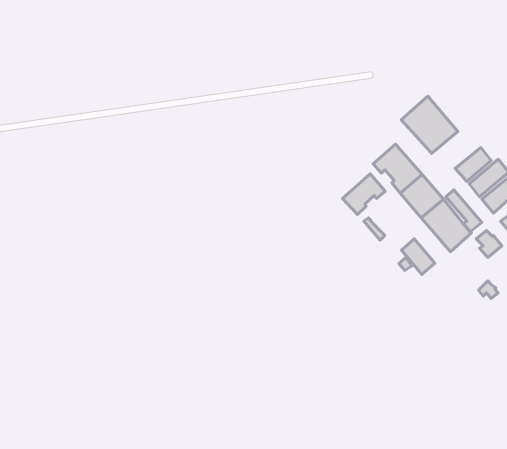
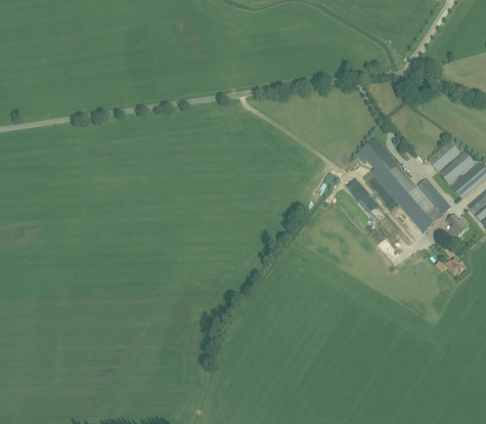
building: [401,96,458,154] -> none
building: [342,174,385,215] -> none
building: [401,239,435,274] -> none

